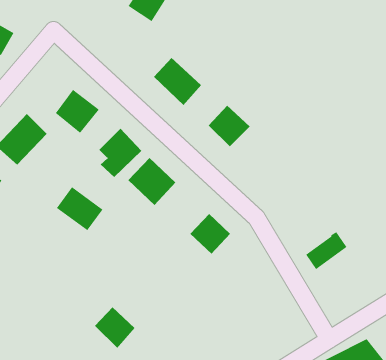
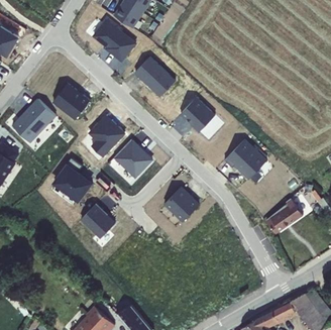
building: none -> [95,17,139,61]
building: none -> [227,137,269,180]
building: [94,306,136,349] -> [83,202,117,237]

